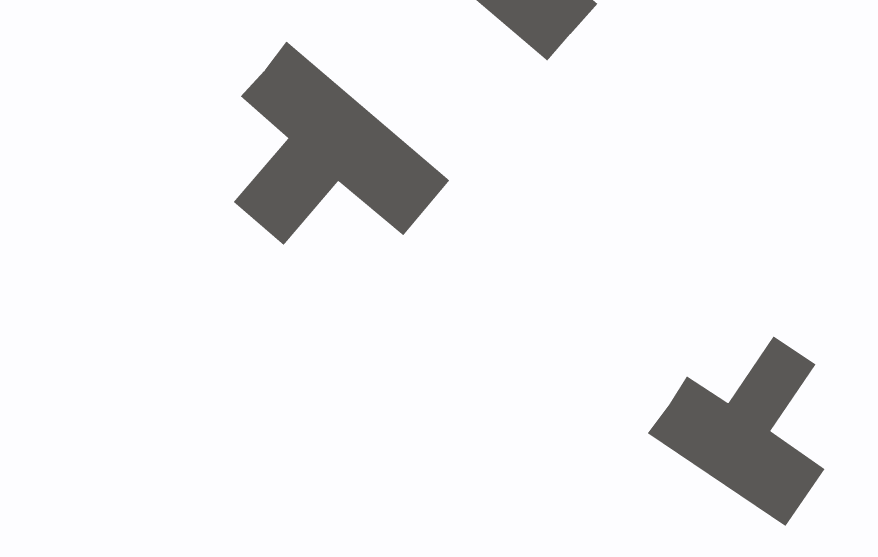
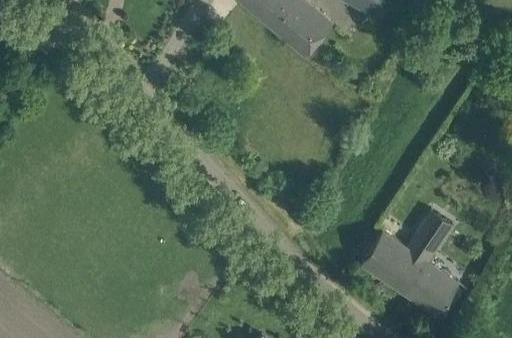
building: [233,41,450,246] -> none

